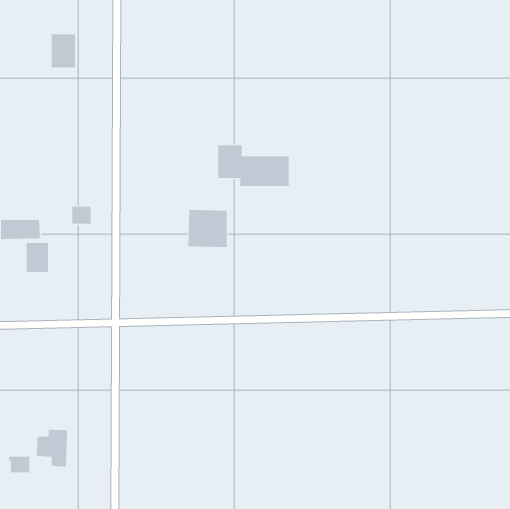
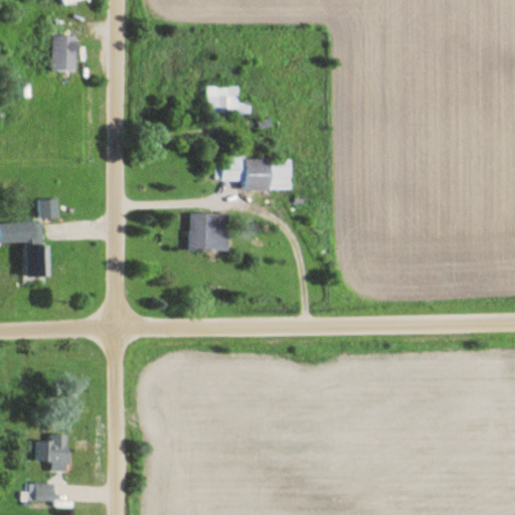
building: none -> [206,87,252,115]
building: [71,206,91,224] -> [37,199,57,217]
building: [8,456,30,473] -> [32,484,54,501]

